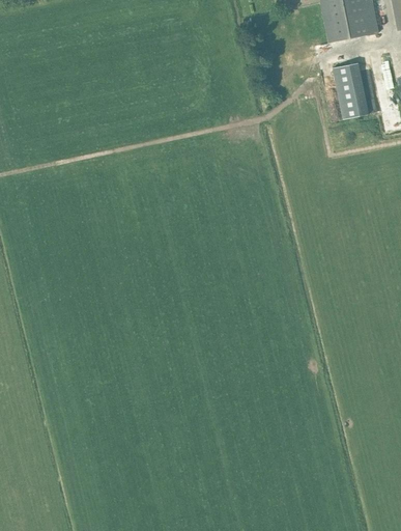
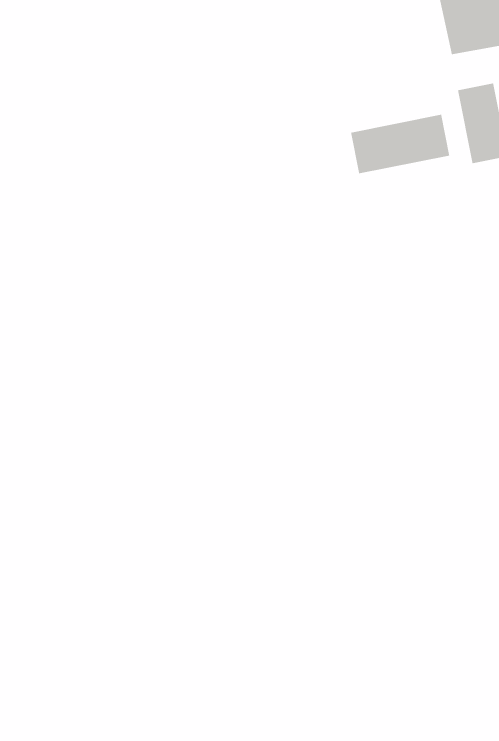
building: none -> [351,114,450,174]

